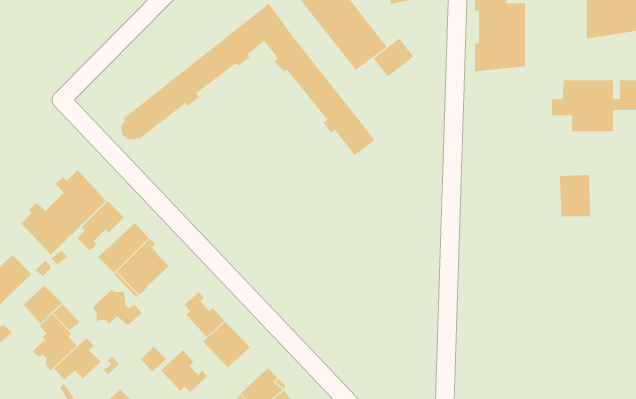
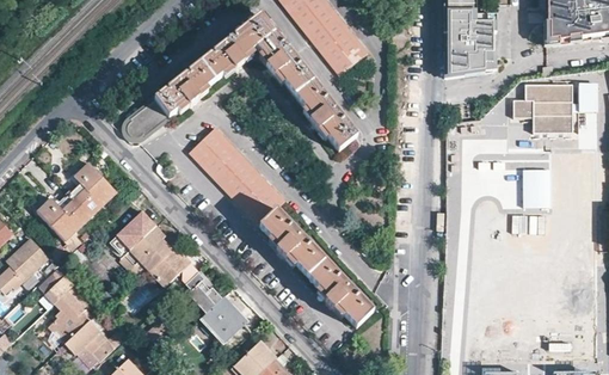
building: [373,38,414,77] -> none
building: none -> [189,128,373,327]
building: [77,200,124,252] -> none
building: [92,289,142,326] -> [153,250,198,283]
building: [160,350,208,393] -> none

